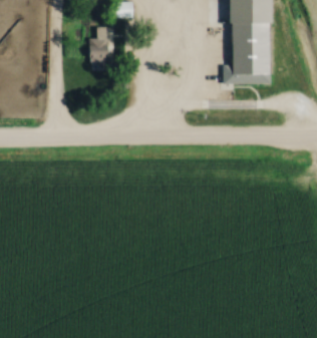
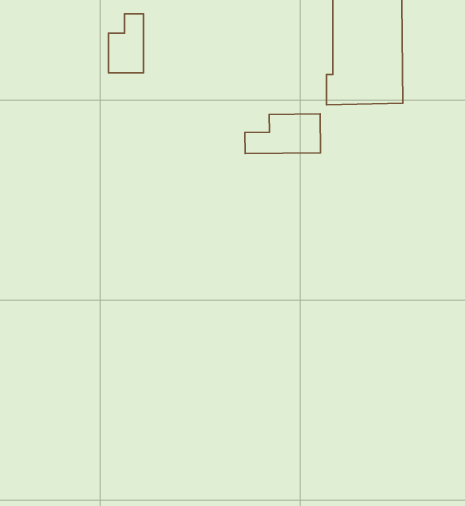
building: none -> [245,114,321,154]

